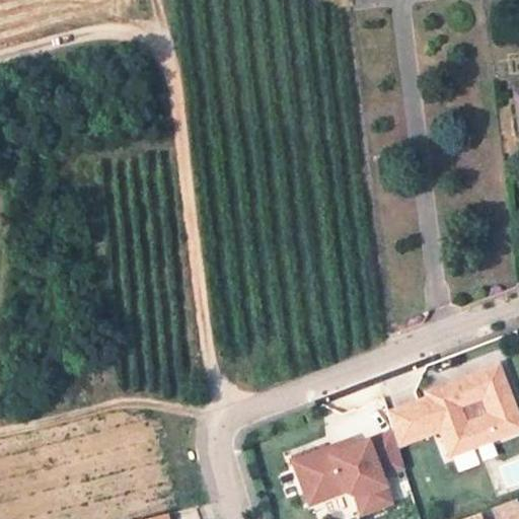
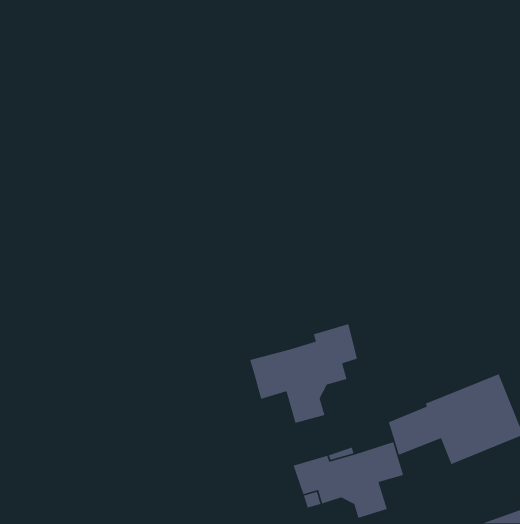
building: none -> [249,323,358,424]

